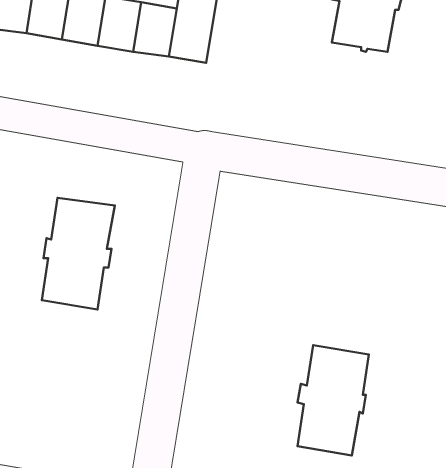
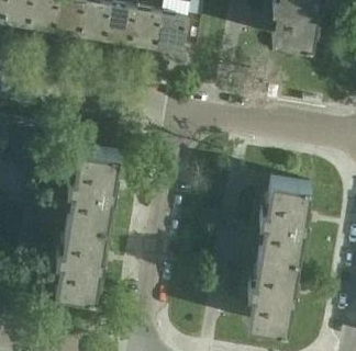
building: none -> [257,177,309,256]
building: none -> [53,217,104,295]

